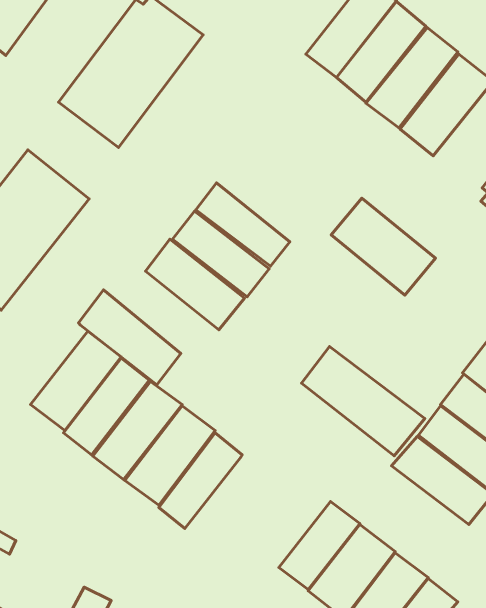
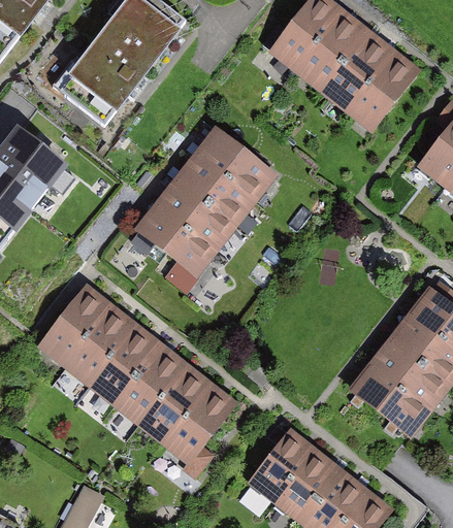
building: [331,198,435,295] -> [191,125,279,206]
building: [79,290,181,385] -> none
building: [302,346,425,456] -> none
building: none -> [161,395,234,493]

